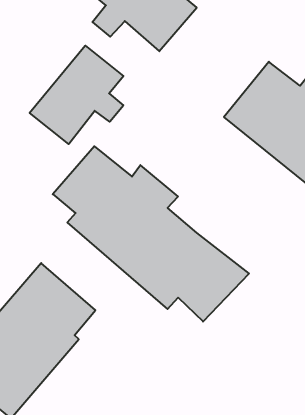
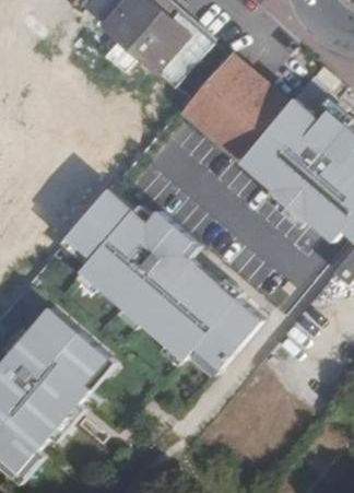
building: none -> [188,58,287,157]
building: [30,46,123,144] -> none

